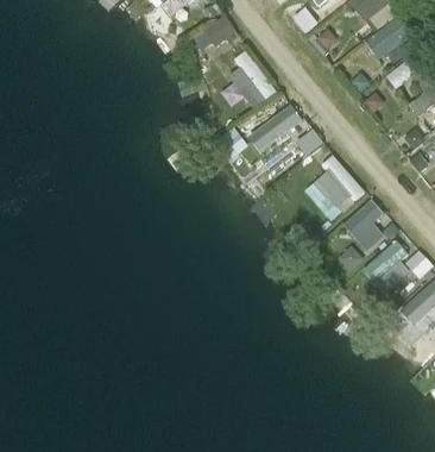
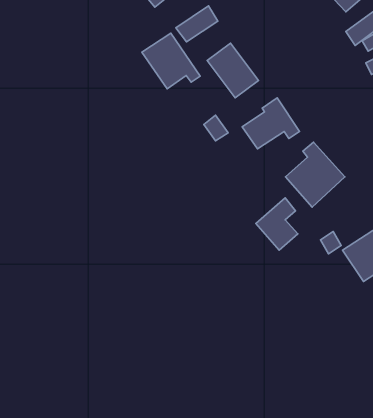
building: none -> [142,33,200,89]
building: [342,199,385,252] -> [256,198,298,250]

